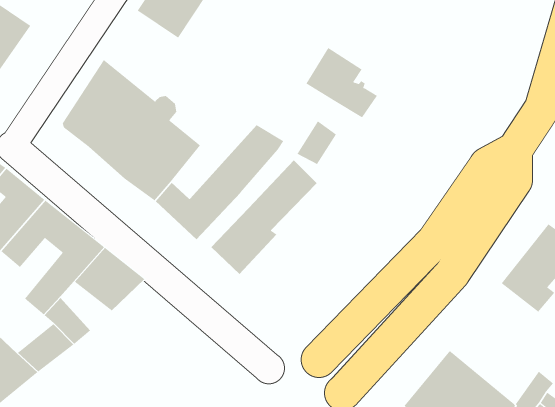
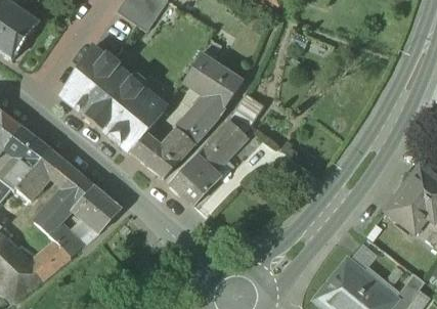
building: [306,47,378,118] -> [183,53,236,105]

